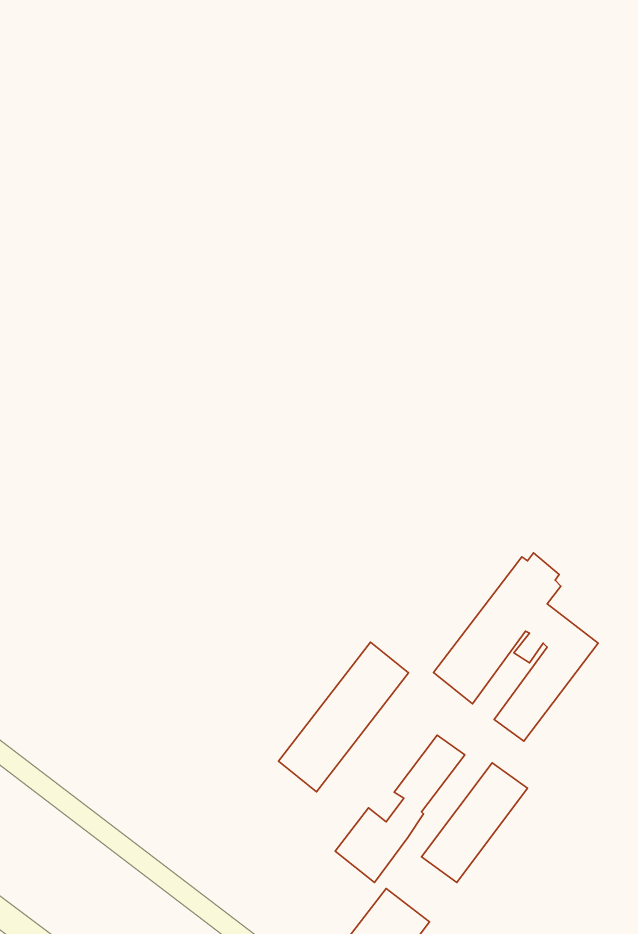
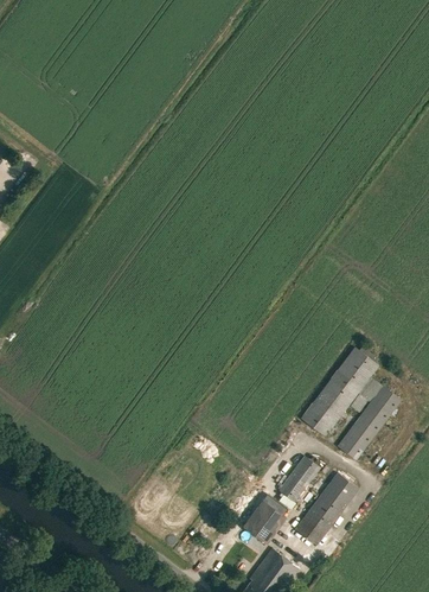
building: [279,642,408,792] -> none

